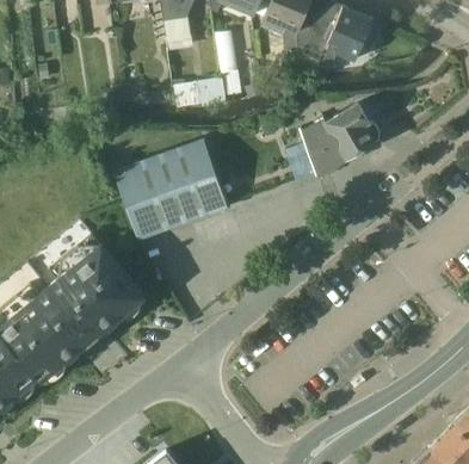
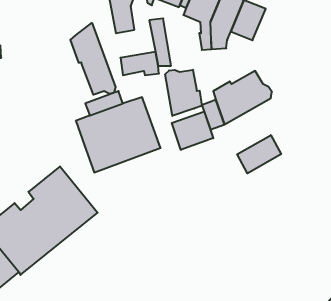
building: none -> [70,23,116,95]
building: none -> [165,70,202,116]
building: none -> [172,111,213,150]
building: none -> [237,135,281,173]

